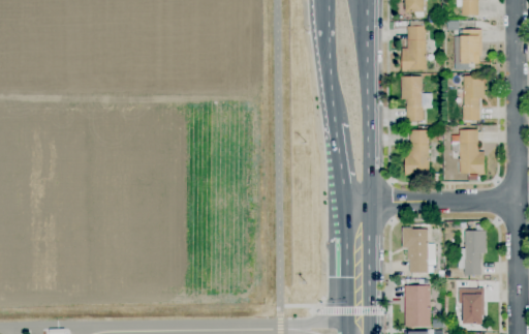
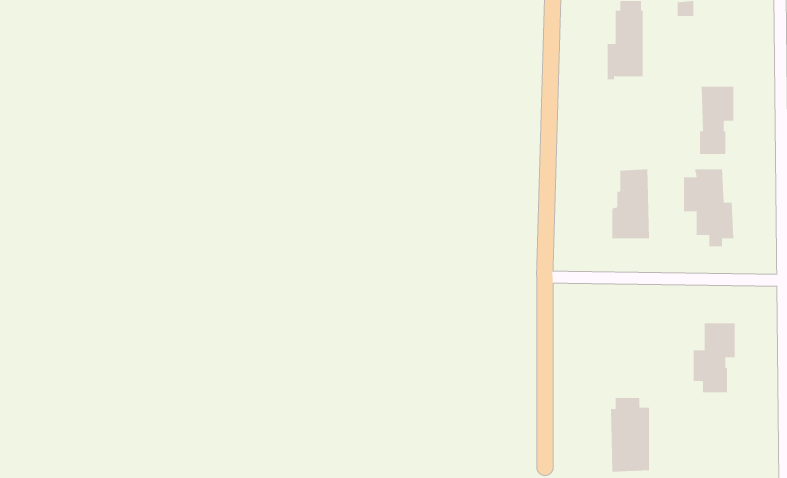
building: [454,27,483,70] -> none
building: [401,77,432,121] -> none
building: [402,227,428,273] -> none
building: [459,287,484,325] -> none

